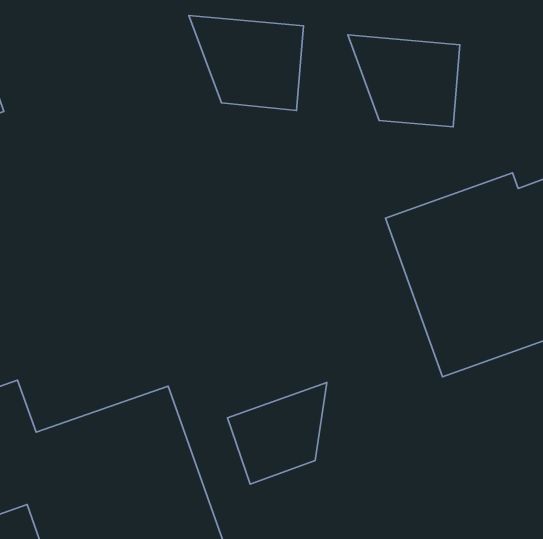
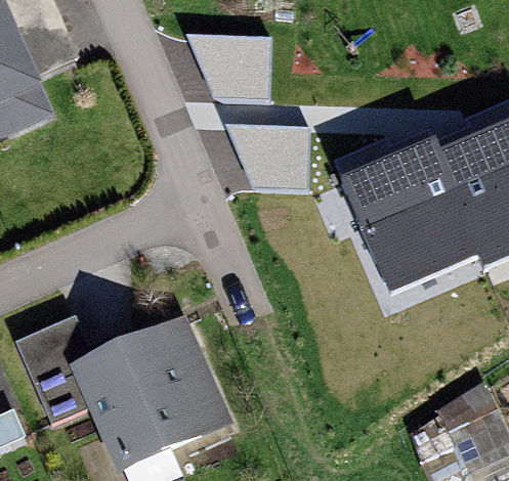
building: [348,35,460,127] -> [225,125,309,188]
building: [227,383,327,484] -> none

